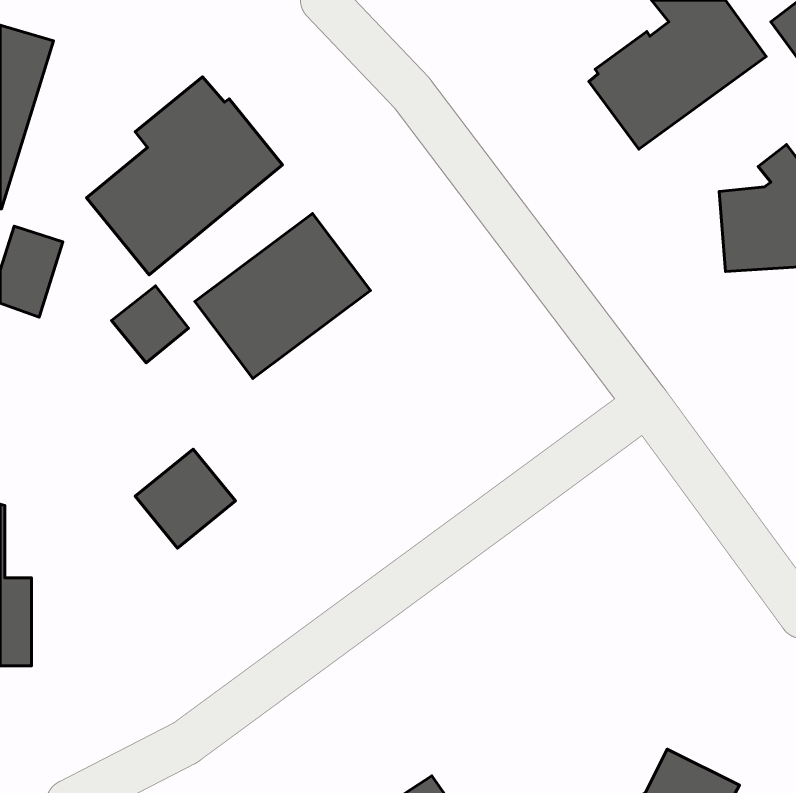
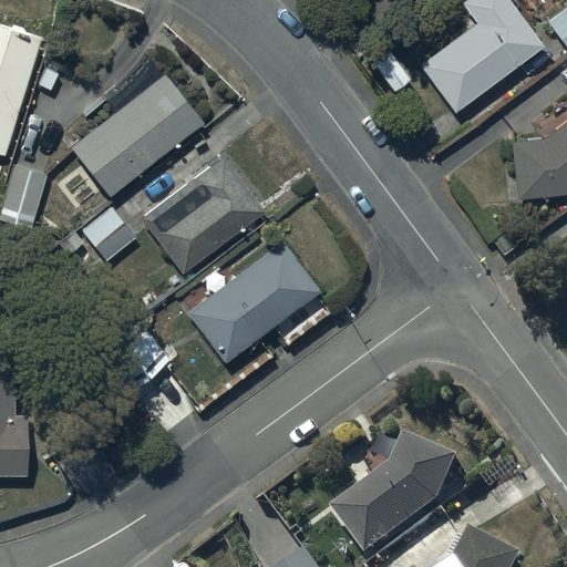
building: none -> [184,240,321,364]
building: none -> [336,439,463,561]

